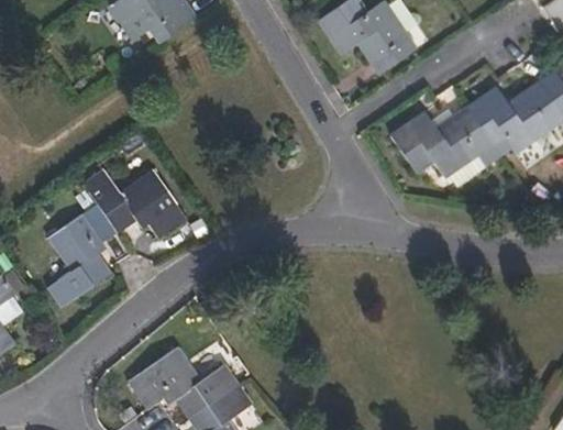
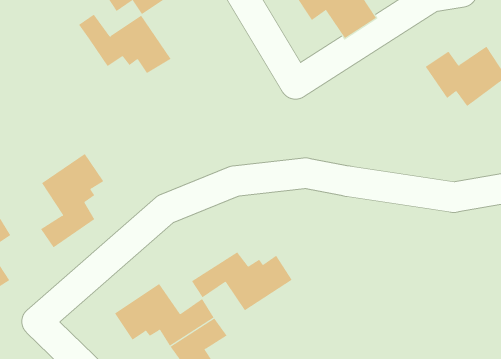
building: [394,107,493,174] -> none
building: [85,174,187,240] -> [78,14,171,74]
building: none -> [191,252,293,311]

